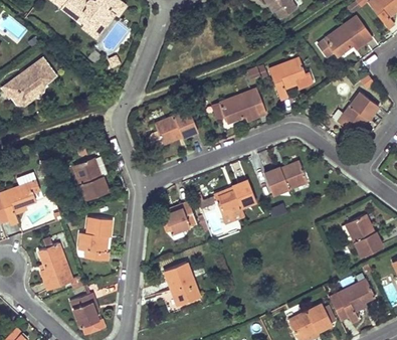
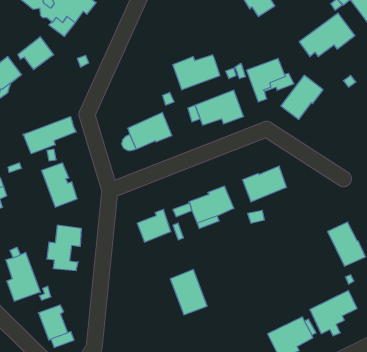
building: none -> [18,37,54,70]
building: none -> [173,55,220,90]
building: [339,93,379,135] -> [281,75,323,119]
building: none -> [23,117,76,154]
building: [165,262,200,305] -> [170,269,207,315]

